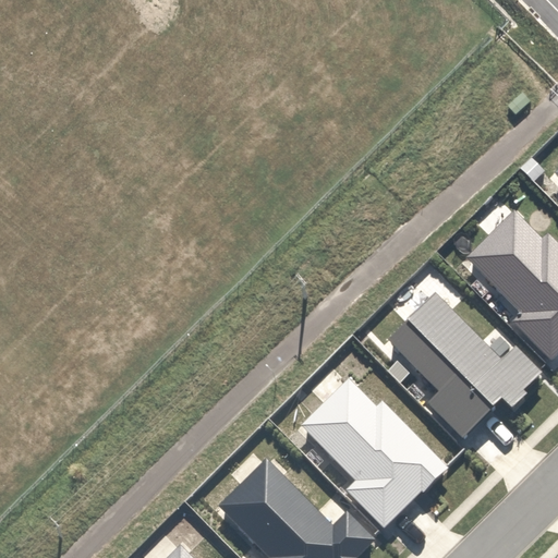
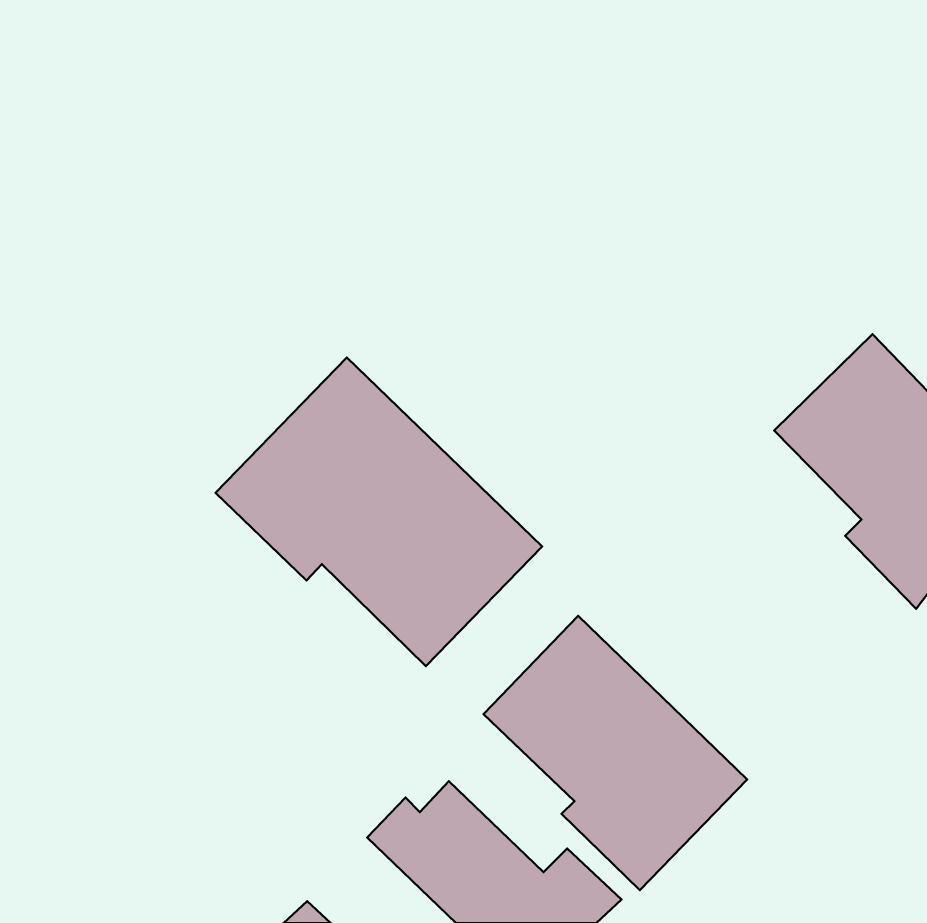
building: none -> [215,357,542,666]
building: [383,291,551,459] -> none

